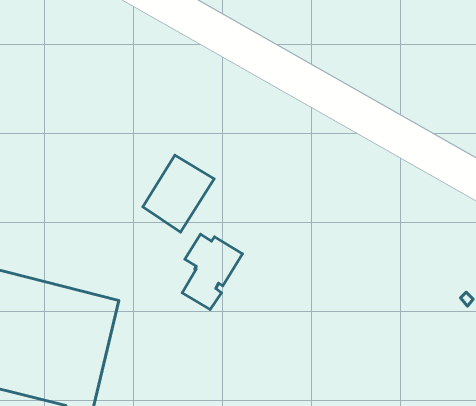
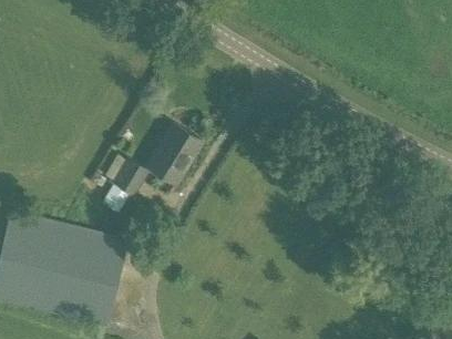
building: [182,234,242,310] -> [104,155,152,215]

